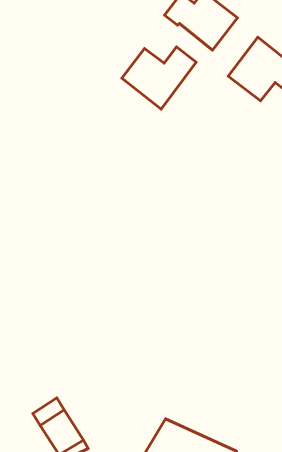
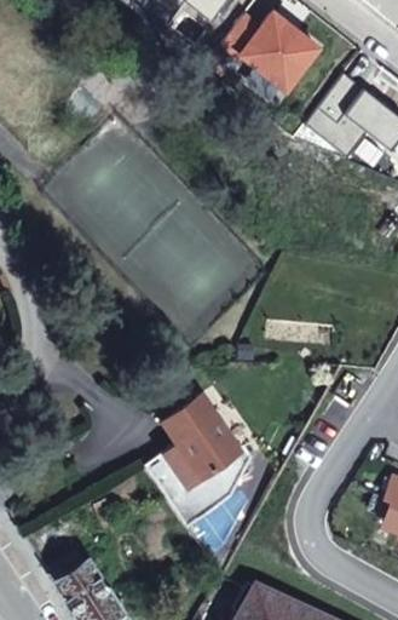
building: [122,47,196,109] -> none
building: none -> [148,396,256,527]

